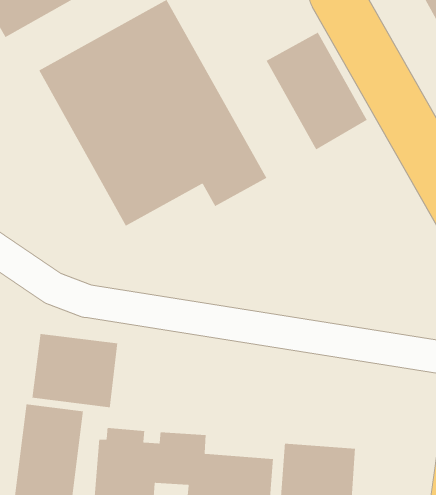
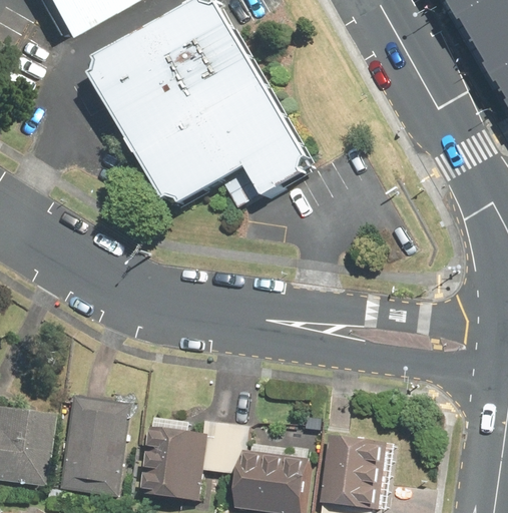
building: [266,31,368,151] -> none
building: [32,333,118,408] -> none

